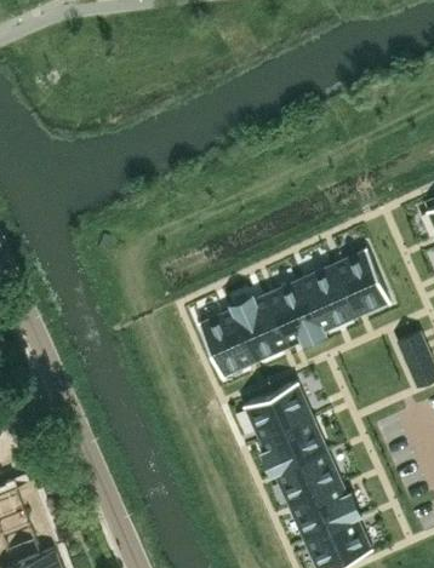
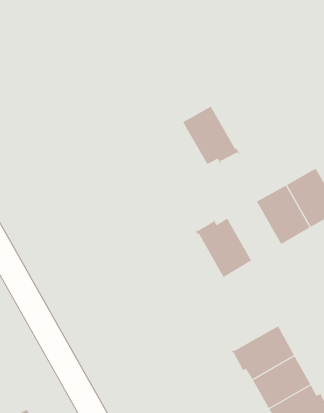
building: [267,282,326,348] -> [182,106,241,166]
building: [198,311,256,379] -> none
building: [242,383,310,440] -> none

